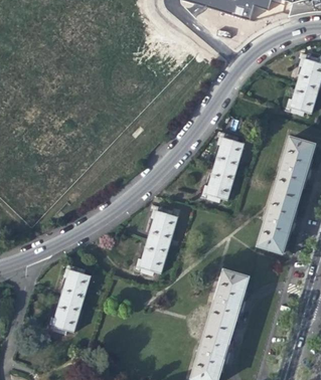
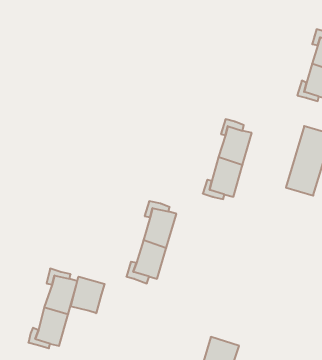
building: [259,192,299,252] -> none
building: [208,269,250,332] -> none
building: none -> [71,277,105,313]

